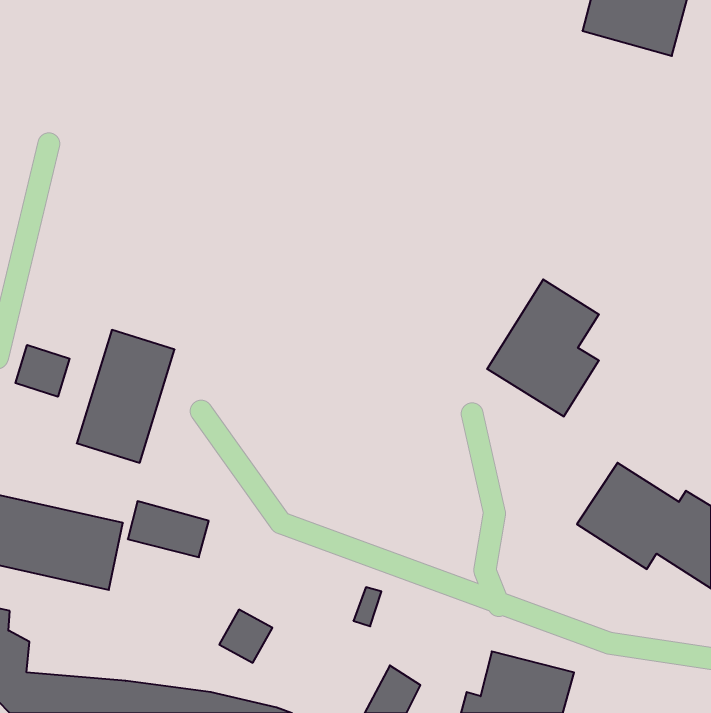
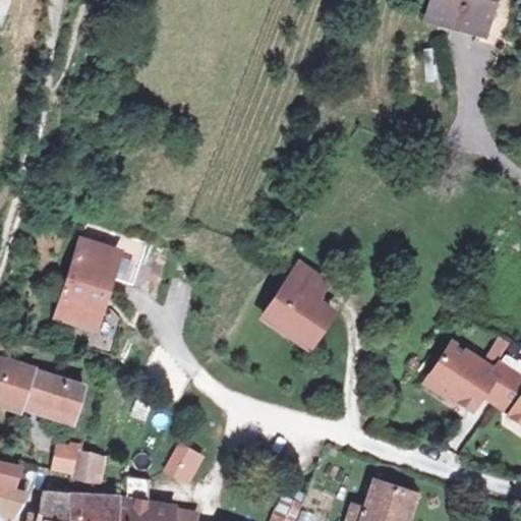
building: [487,279,599,416] -> [253,253,335,353]
building: [15,345,70,397] -> none
building: [128,501,209,557] -> [49,442,108,482]

